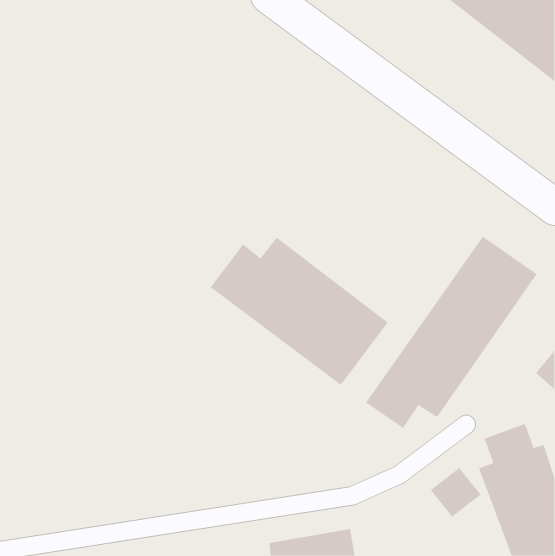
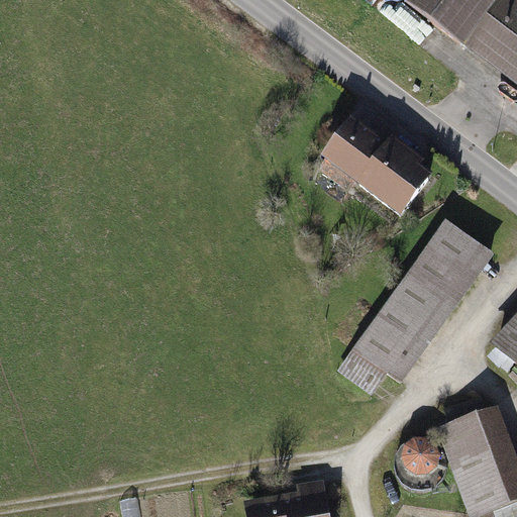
building: none -> [316,116,435,218]
building: [210,237,389,386] -> none

